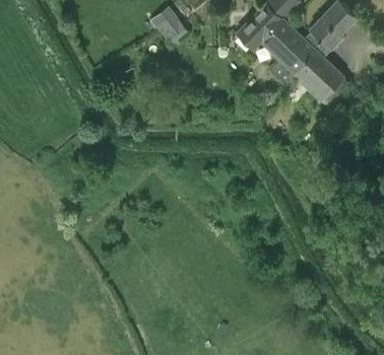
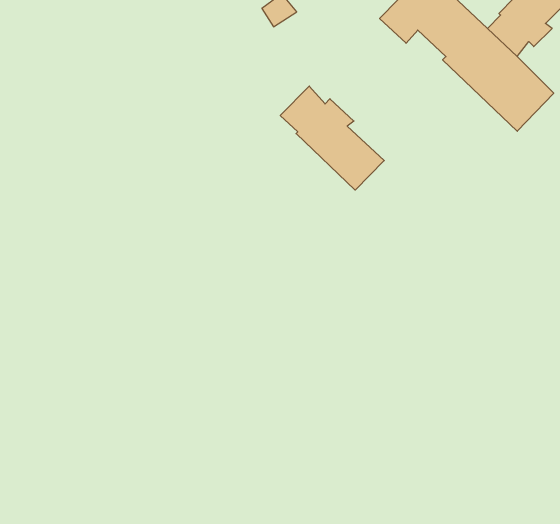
building: none -> [280,86,384,190]

